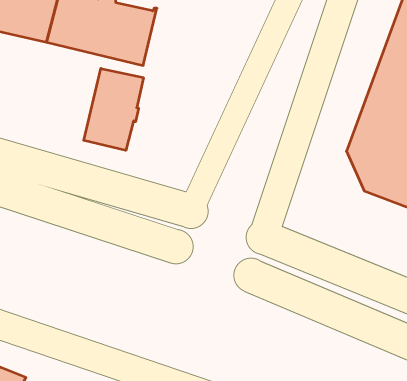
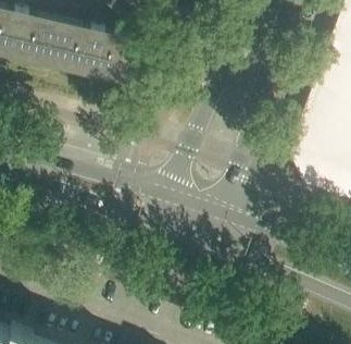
building: [84,68,143,150] -> none

